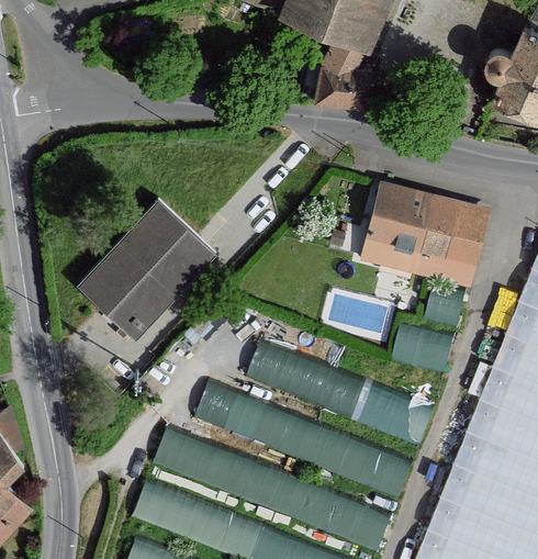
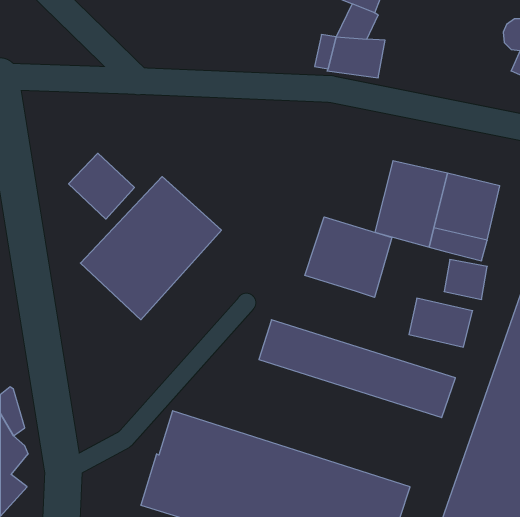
building: none -> [69,153,134,219]
building: none -> [305,217,392,297]
building: [198,382,419,493] -> none

